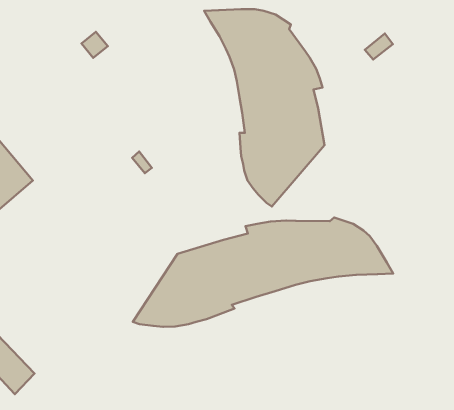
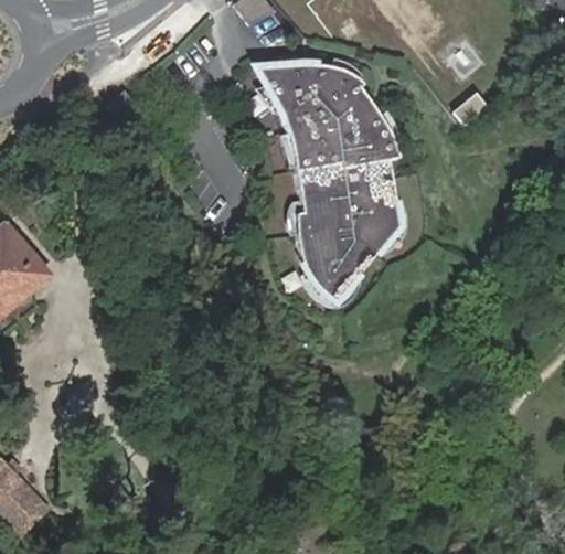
building: [133,218,393,327] -> none

